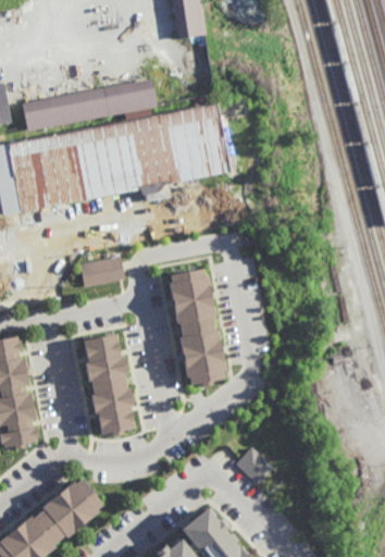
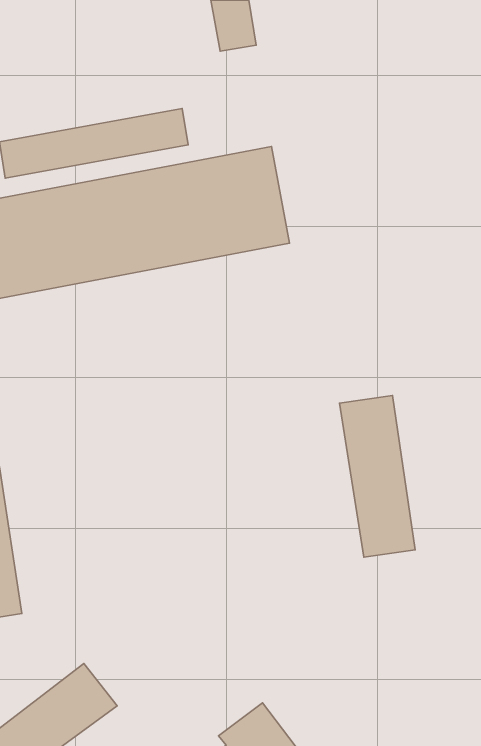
building: [79,257,124,286] -> none
building: [169,269,223,385] -> [340,396,415,557]
building: [85,335,133,436] -> none
building: [235,447,272,484] -> none

